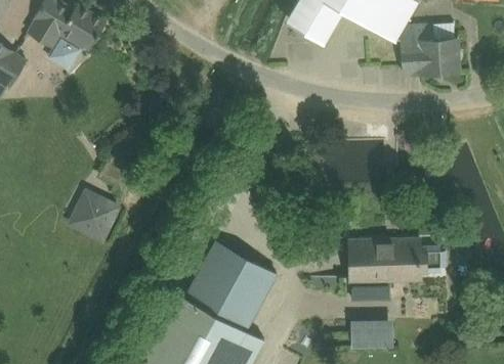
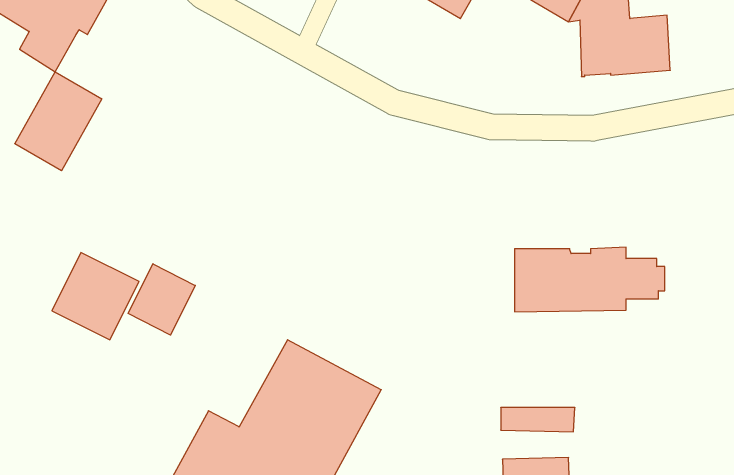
building: none -> [15,72,102,171]
building: none -> [128,264,195,335]
building: [349,240,445,281] -> [515,247,665,312]

